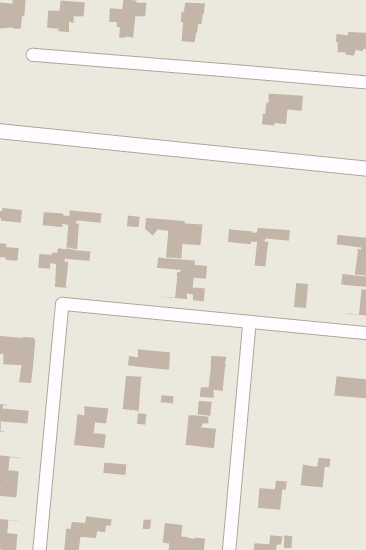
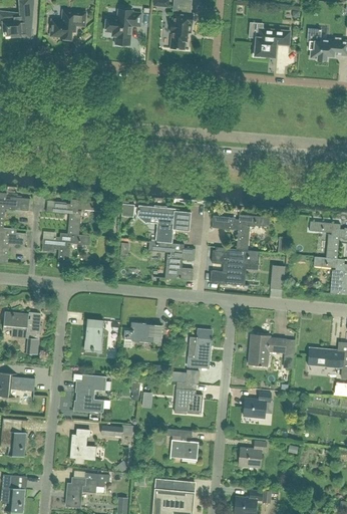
building: [261,93,304,126] -> [252,29,290,58]
building: none -> [210,247,259,286]
building: none -> [248,334,286,366]
building: [122,375,143,411] -> [84,319,103,351]
building: [300,457,331,488] -> [243,392,271,419]
building: none -> [70,429,95,464]
building: none -> [165,429,198,462]

